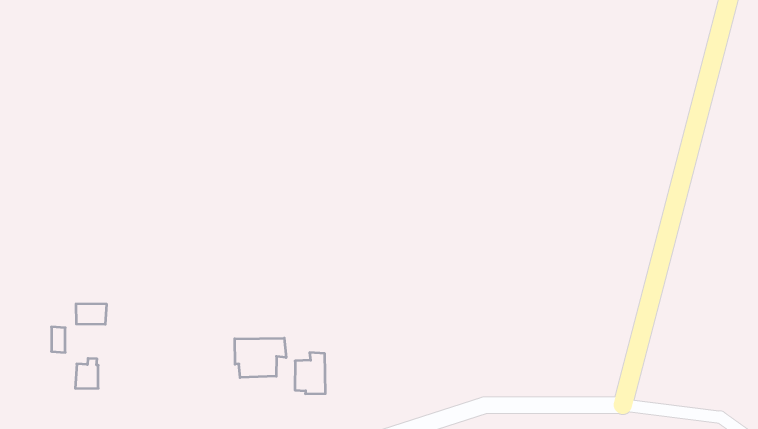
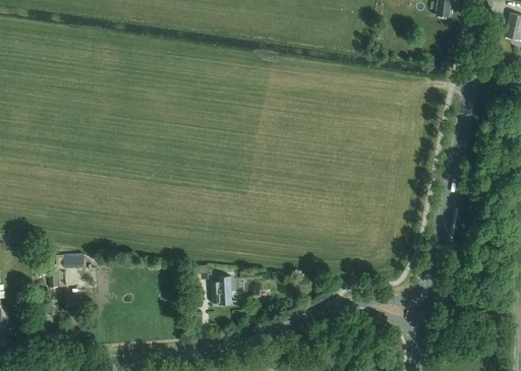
building: [235,338,286,378] -> none

